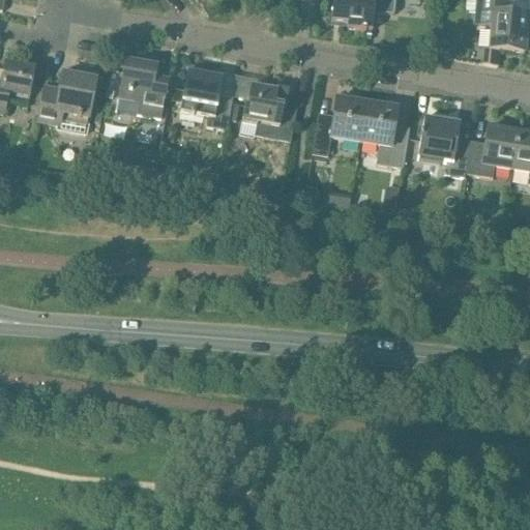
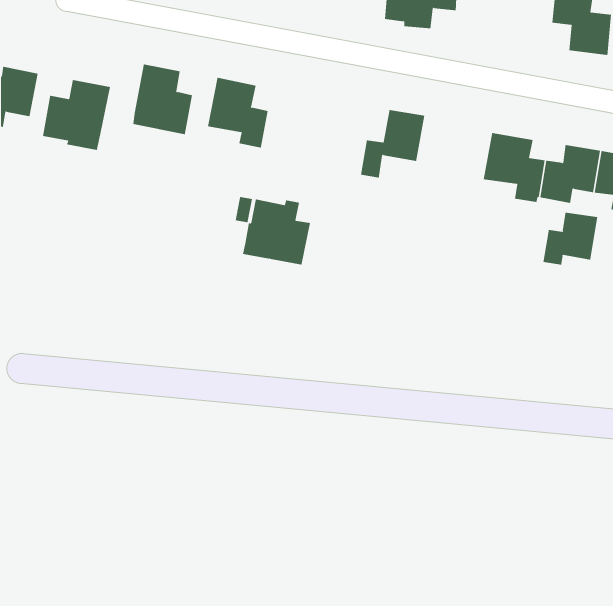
building: [239,82,298,139] -> [242,199,311,265]
building: [360,99,409,166] -> none
building: none -> [543,212,598,265]

